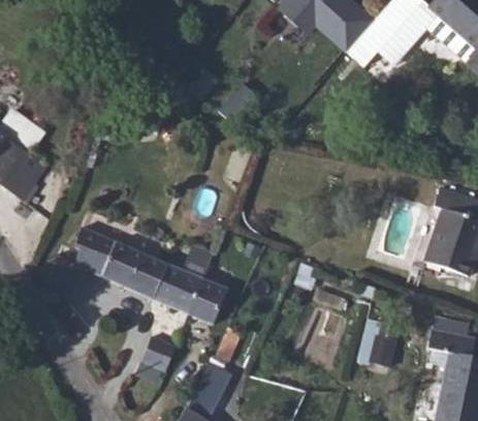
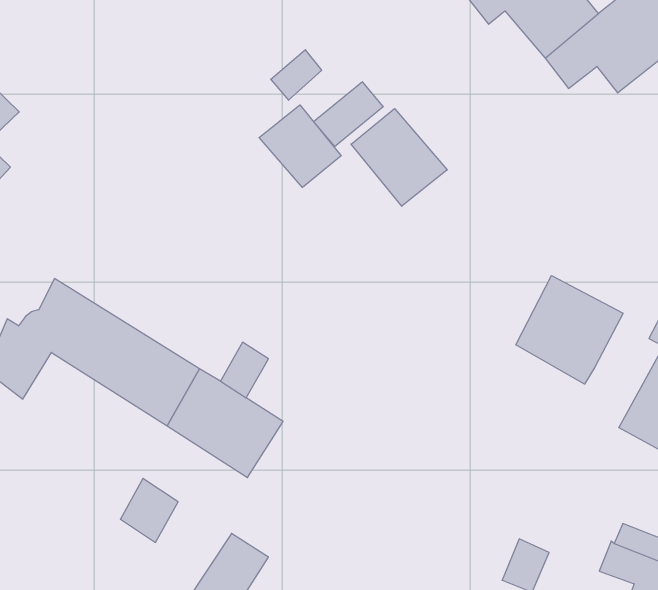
building: none -> [351,109,447,206]
building: none -> [259,105,341,188]
building: none -> [516,276,623,384]

